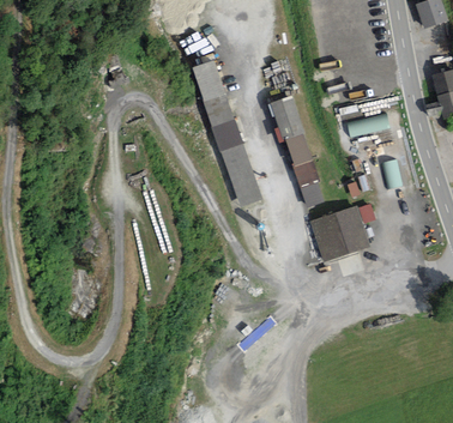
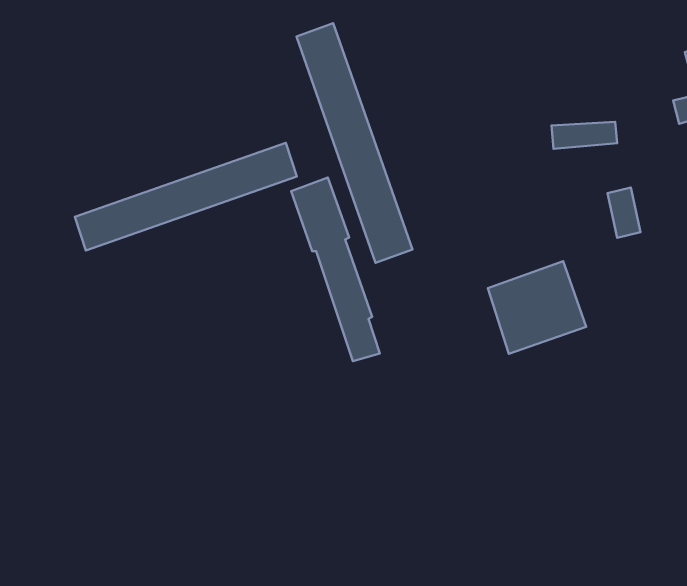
building: [268,93,324,207] -> [291,178,380,361]
building: none -> [75,143,297,251]

